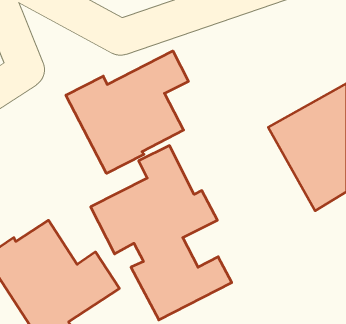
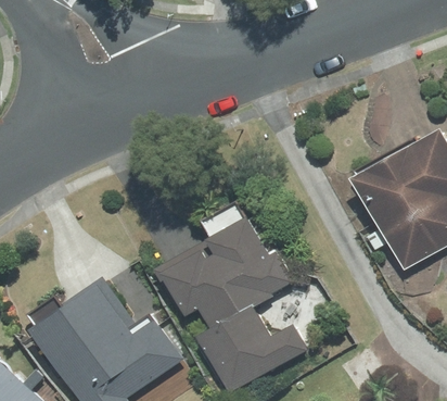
building: [66,51,188,173] -> none

